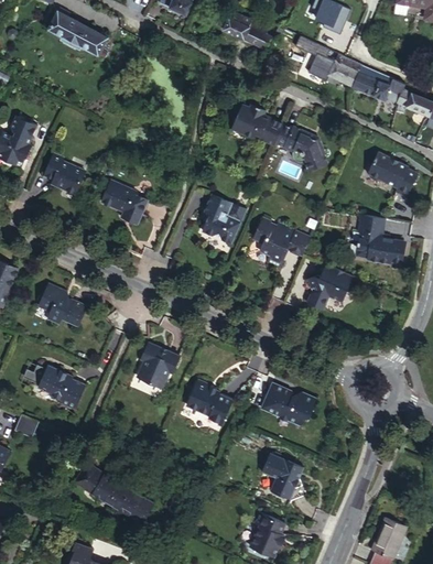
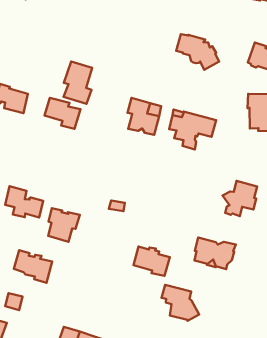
building: [230,107,284,149] -> none
building: none -> [63,62,92,104]
building: [308,263,353,307] -> [223,181,257,216]
building: [134,341,177,386] -> [48,208,80,242]
building: [259,449,302,498] -> [162,285,199,321]

